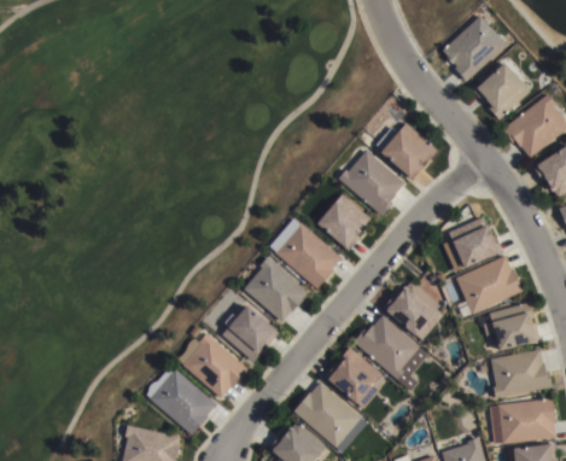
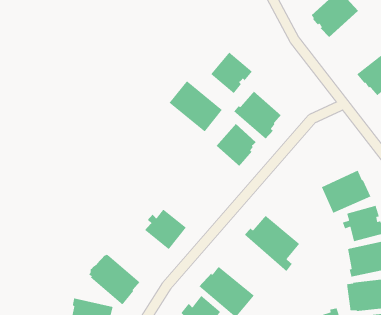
building: [473,62,530,119] -> none
building: [380,122,437,179] -> [210,51,253,94]
building: [443,216,502,269] -> none
building: [268,217,340,287] -> [169,80,223,133]
building: [243,257,307,321] -> none
building: [381,281,439,340] -> none
building: [181,333,249,398] -> none
building: [322,346,380,408] -> none

